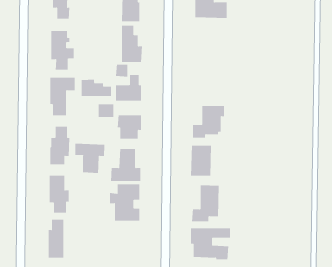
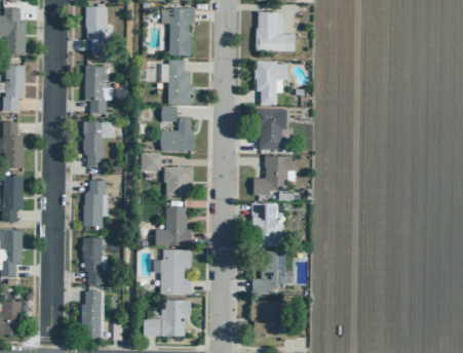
building: none -> [254,62,287,105]
building: none -> [260,110,286,149]
building: [81,79,111,97] -> none
building: [75,143,105,174] -> none
building: none -> [144,301,190,336]

